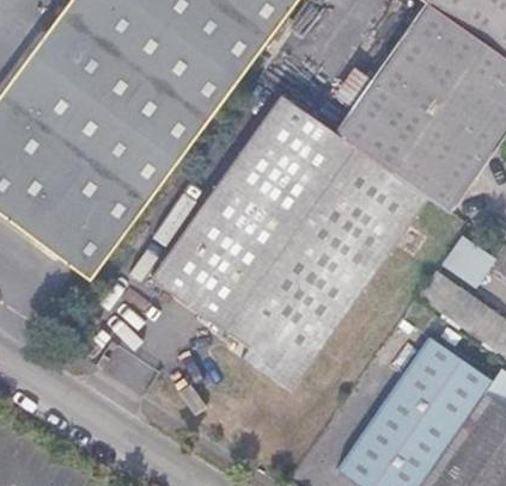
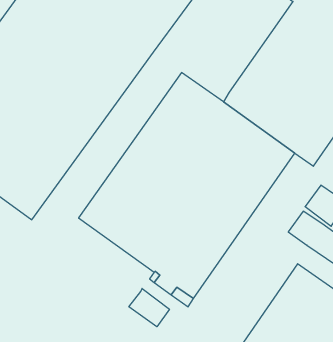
building: none -> [129,288,169,327]

